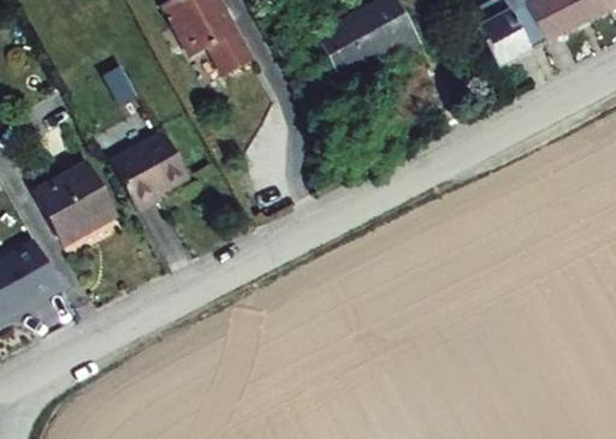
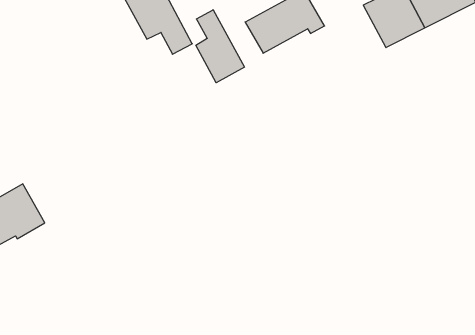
building: none -> [196,10,244,83]
building: [112,132,189,209] -> none
building: [35,161,117,242] -> none

